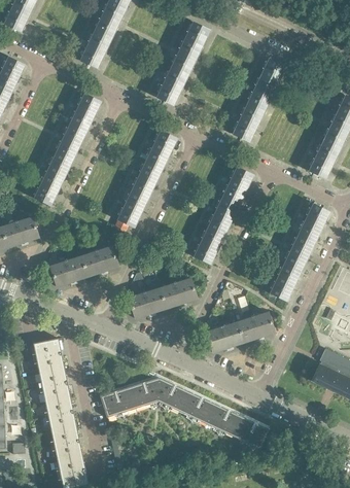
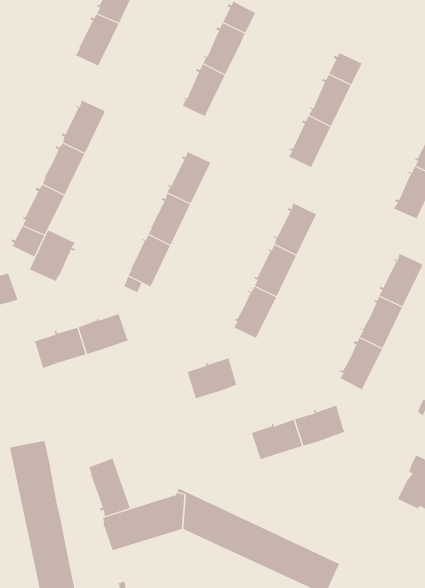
building: none -> [29,230,76,282]
building: [128,288,166,318] -> none
building: none -> [88,458,130,517]

